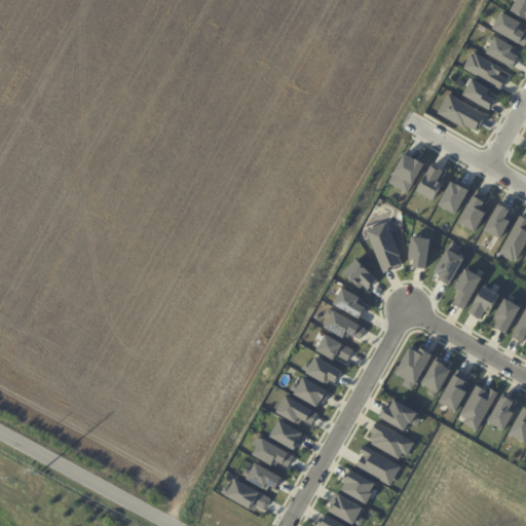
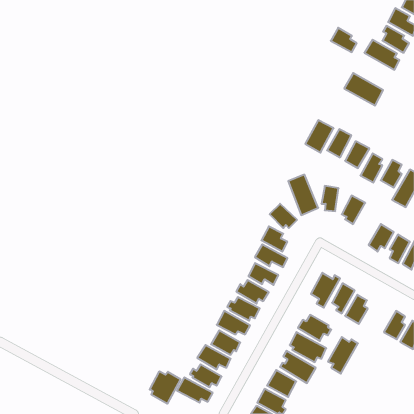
building: [461,77,494,108] -> [331,28,357,52]
building: [453,267,482,308] -> none
building: [459,383,497,429] -> [328,337,358,374]
building: none -> [150,371,180,404]

